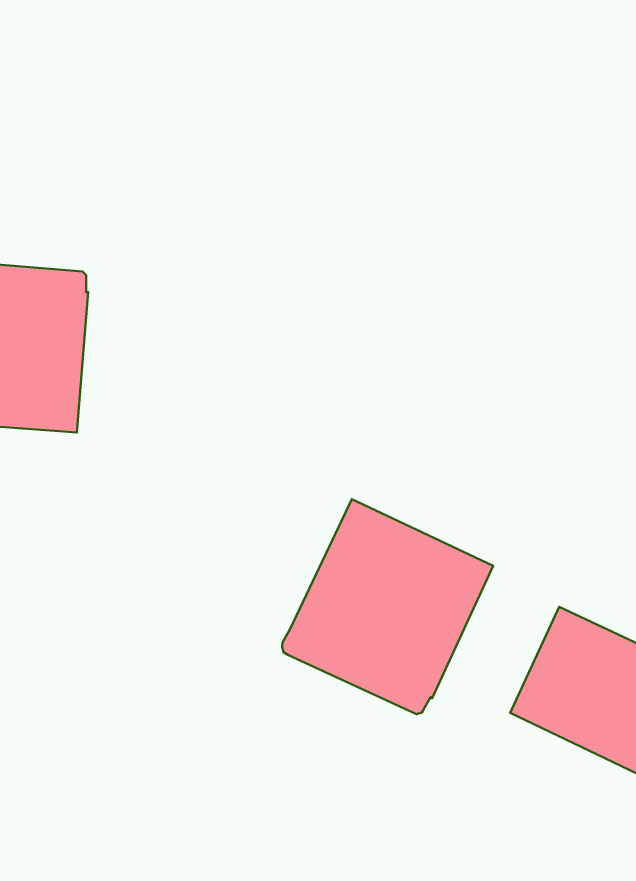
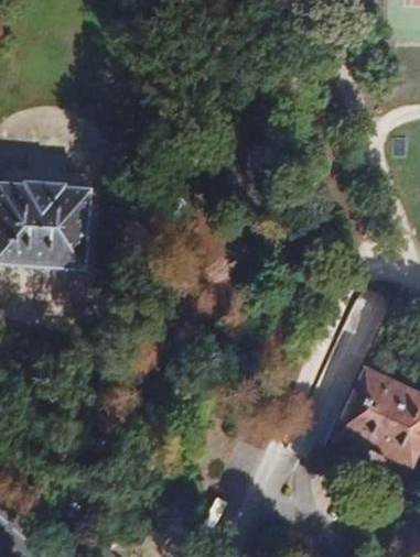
building: [282,499,493,714] -> none

